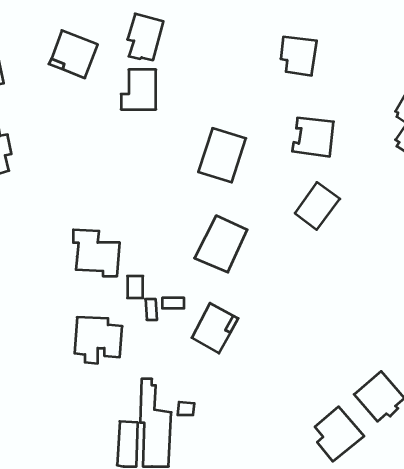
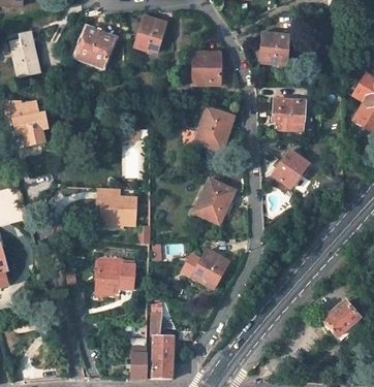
building: [121,70,156,109] -> [193,52,221,84]
building: [315,407,364,461] -> none

